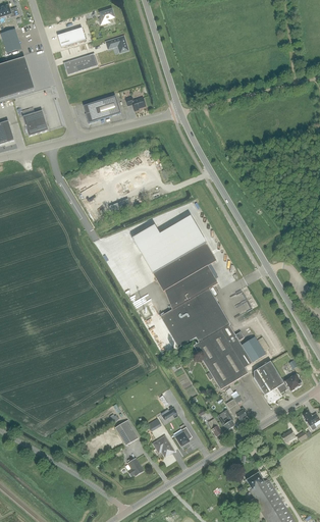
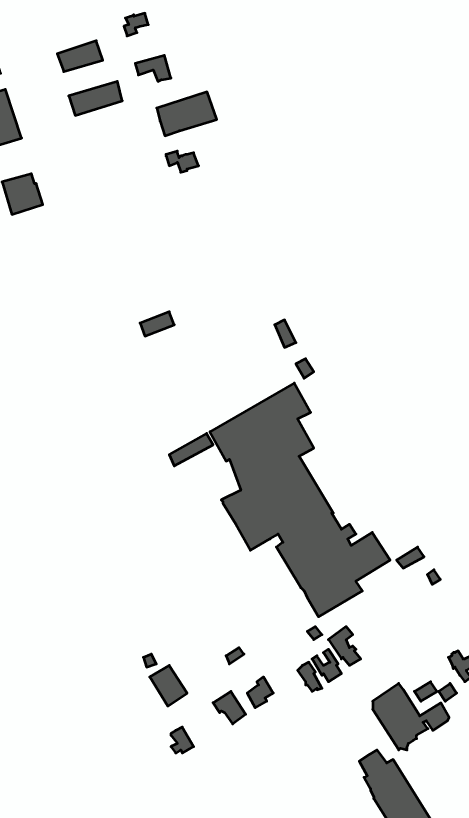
building: [84,95,121,122] -> [157,92,217,136]
building: [132,215,206,272] -> none
building: [254,360,302,402] -> [373,683,449,750]

